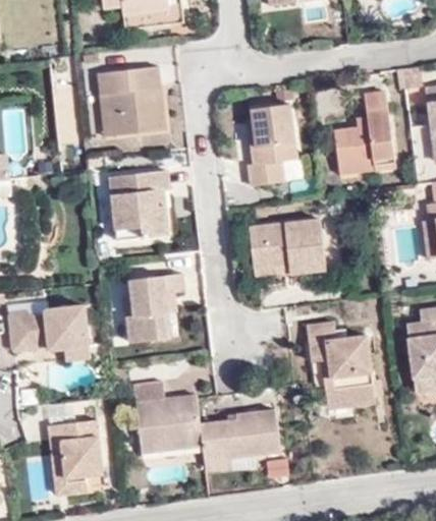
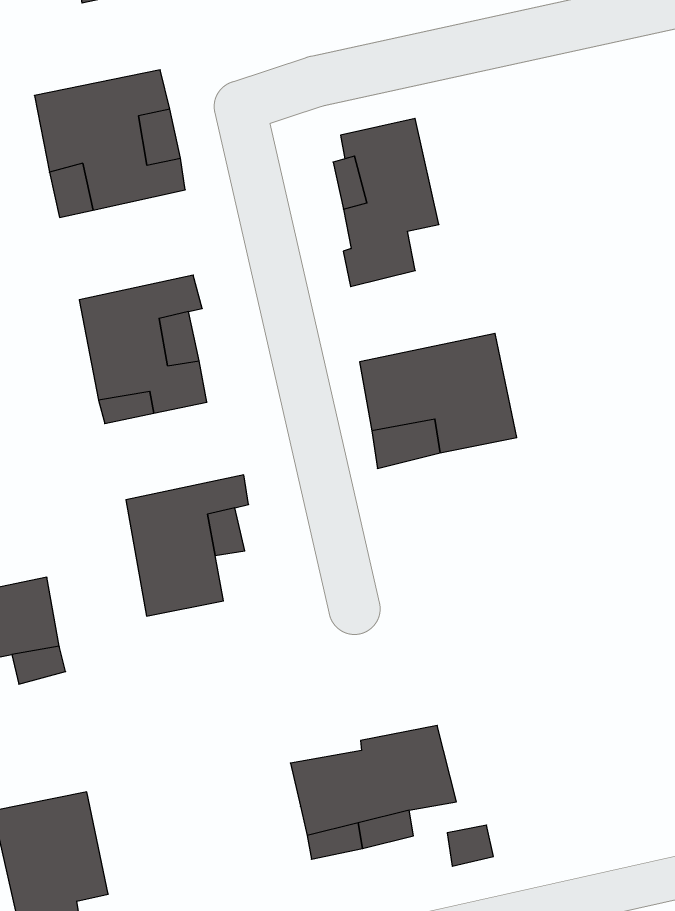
building: [332,86,396,172] -> none
building: [310,324,379,406] -> none
building: [129,381,199,452] -> none

